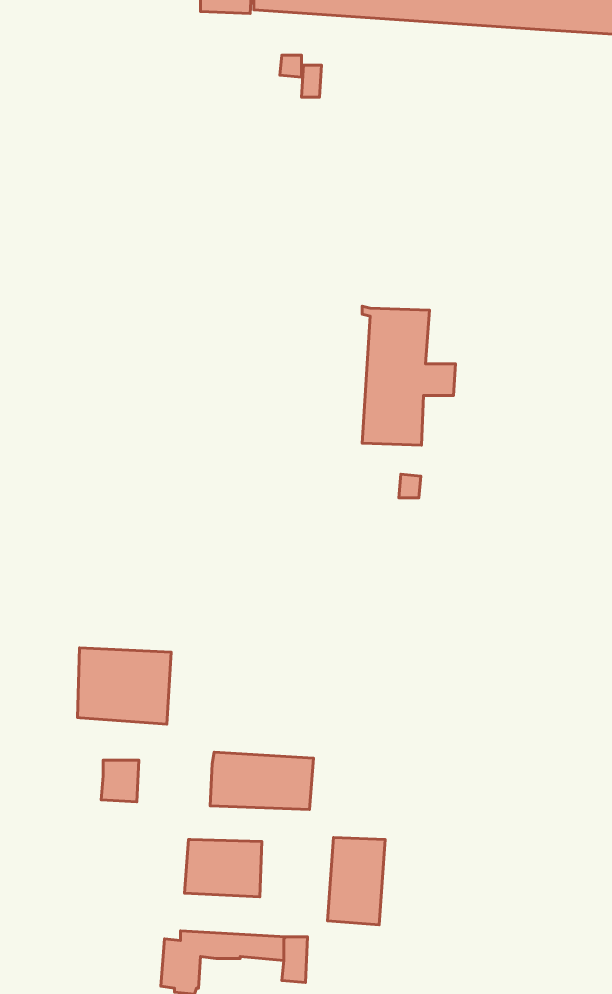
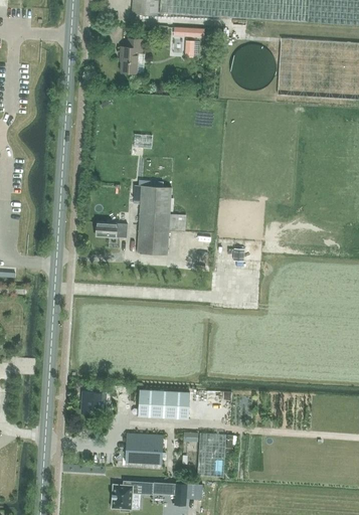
building: none -> [118,38,143,73]
building: [362,306,455,445] -> [137,183,184,253]
building: none -> [95,221,127,237]
building: [78,648,171,724] -> none

